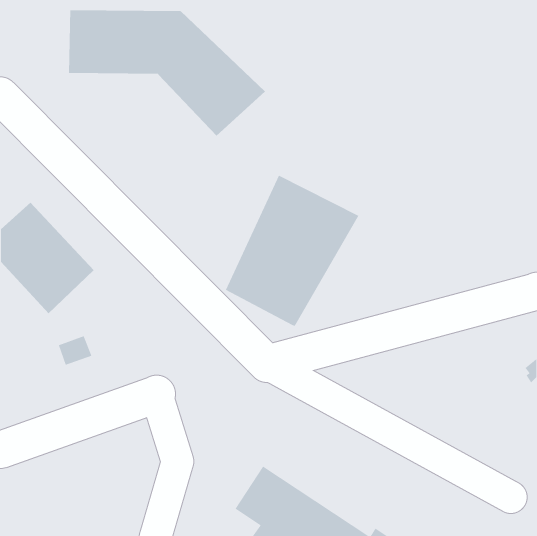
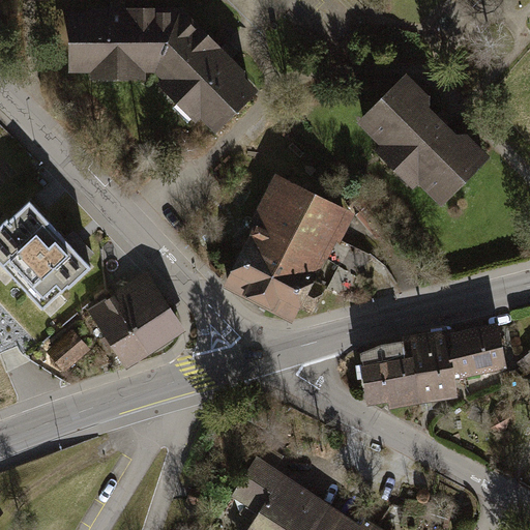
building: none -> [350,73,488,211]
building: none -> [88,273,181,366]
building: none -> [359,322,505,407]

